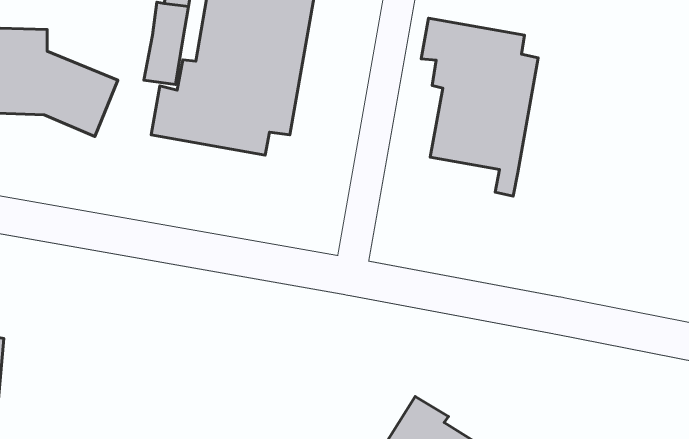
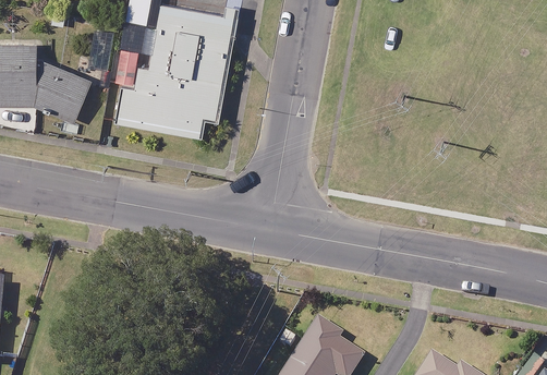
building: [421,18,538,196] -> none

